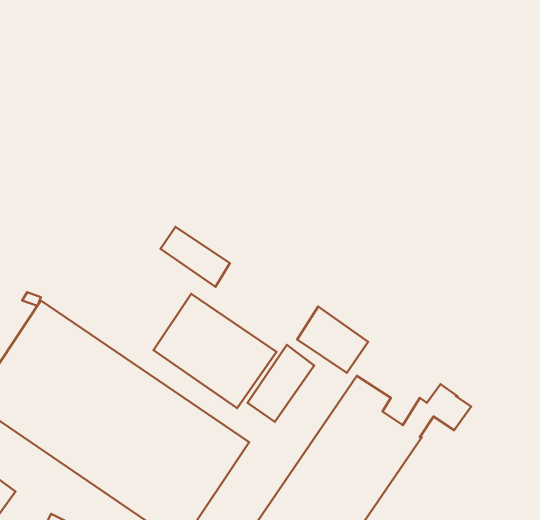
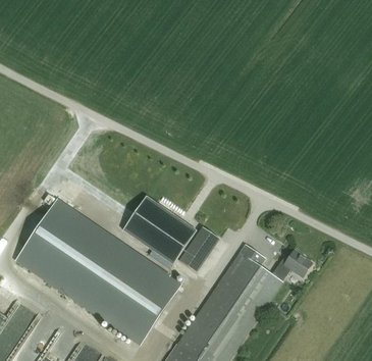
building: [160,227,230,287] -> none
building: [297,307,368,373] -> none

